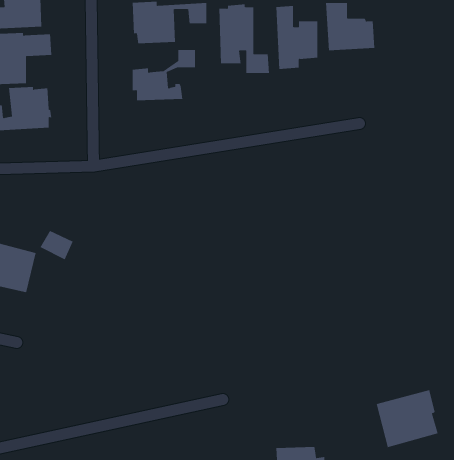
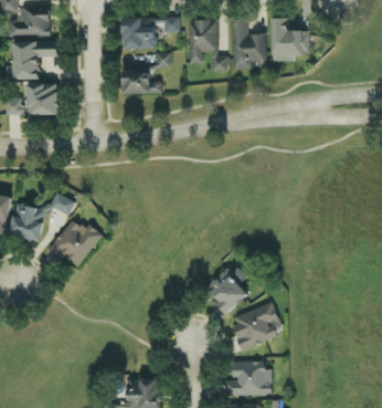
building: none -> [47,218,104,266]
building: none -> [206,264,251,313]
building: [376,390,438,448] -> [232,304,280,349]

